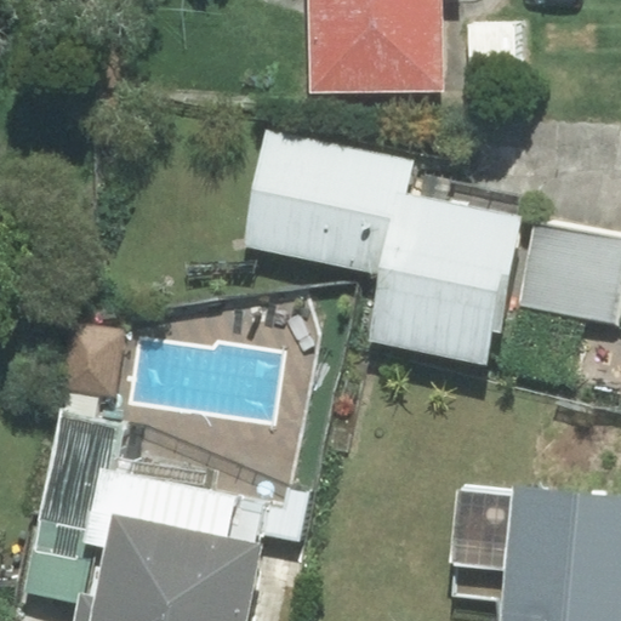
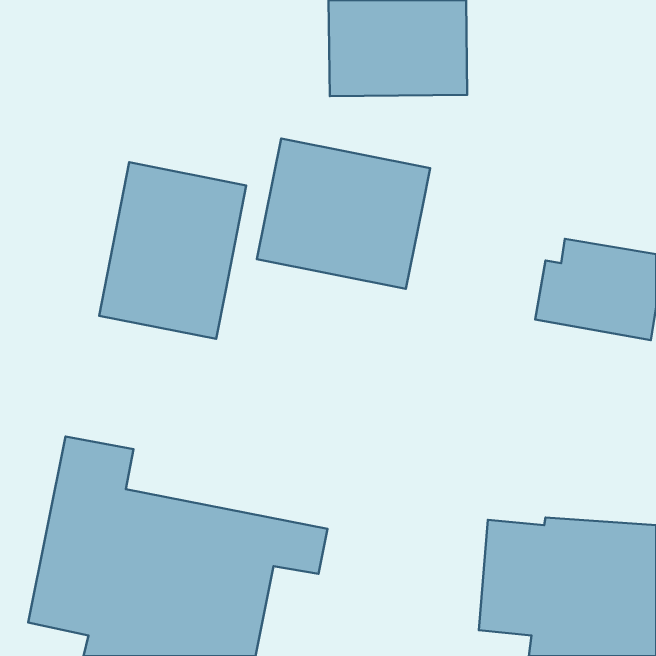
building: none -> [99,162,246,339]
building: [370,176,522,361] -> none

